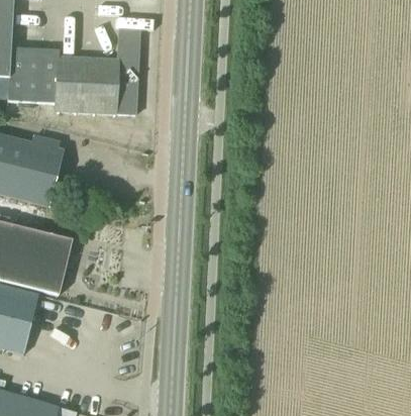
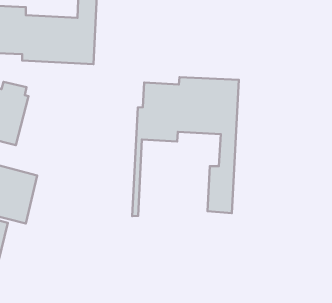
building: none -> [132,77,239,216]

